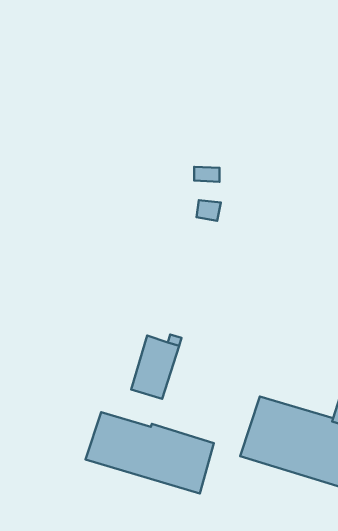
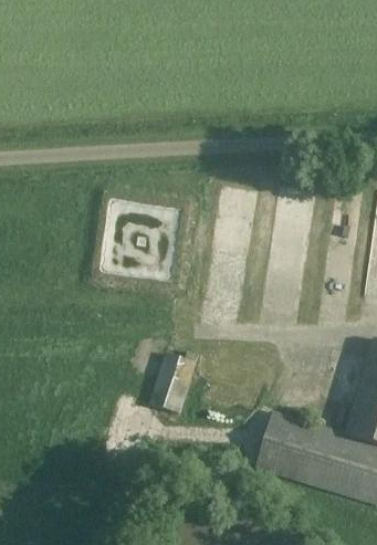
building: [86,412,214,493] -> none

